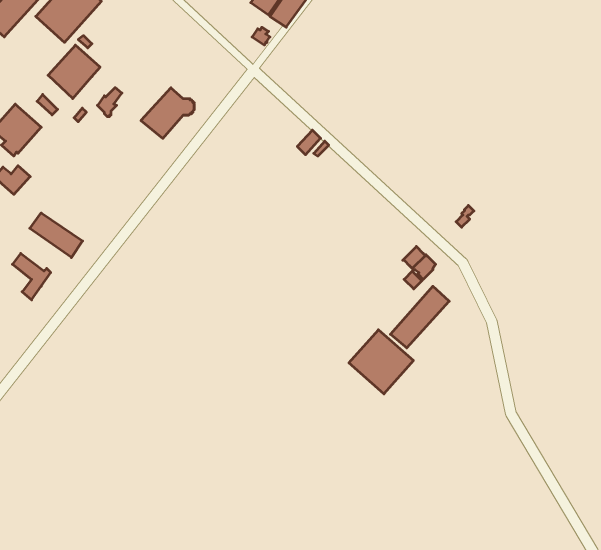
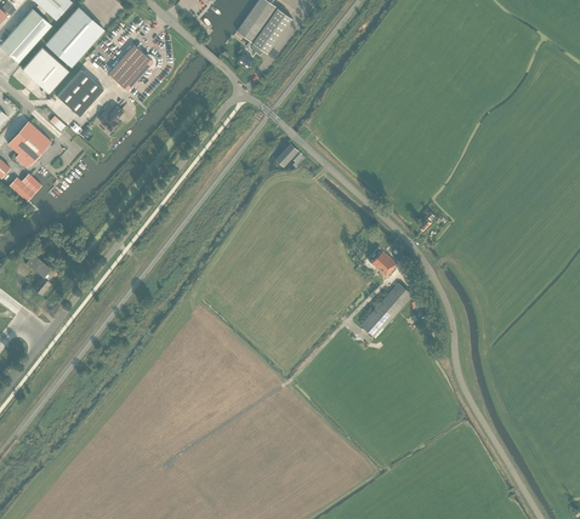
building: none -> [21,47,68,93]
building: [141,88,194,138] -> [107,45,154,90]
building: [30,213,83,258] -> none
building: [349,330,413,394] -> none

